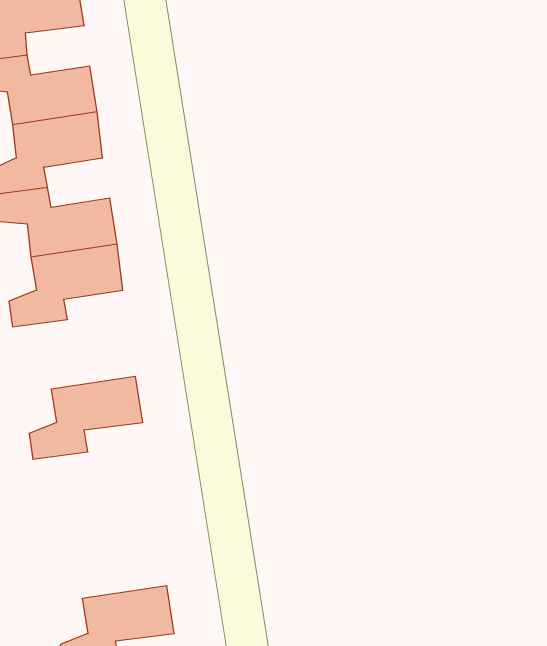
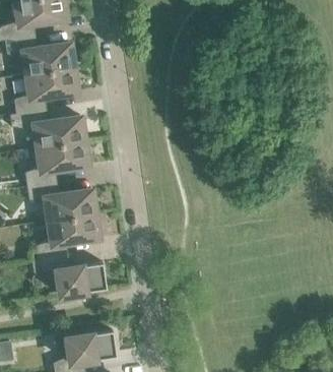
building: none -> [25,182,93,221]
building: none -> [30,255,105,295]

